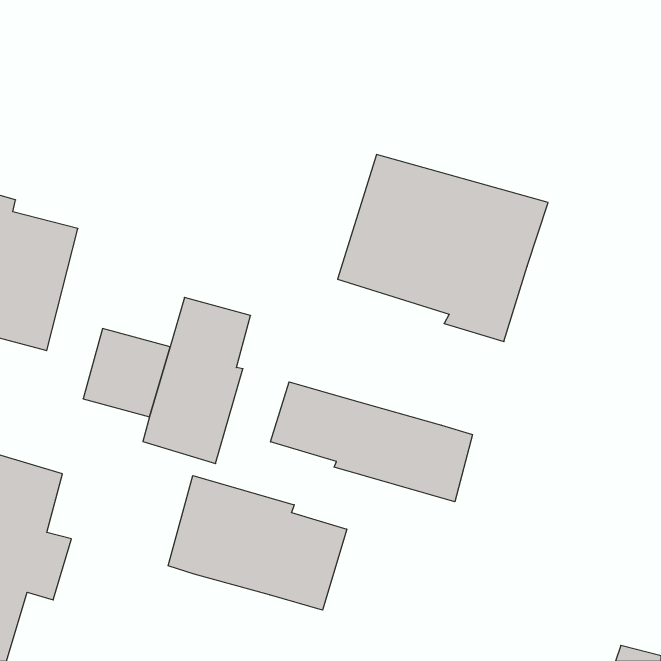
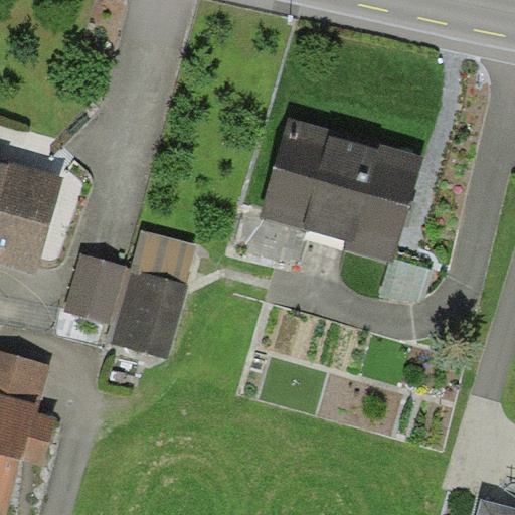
building: [271,382,473,502] -> none
building: [168,476,347,610] -> none

